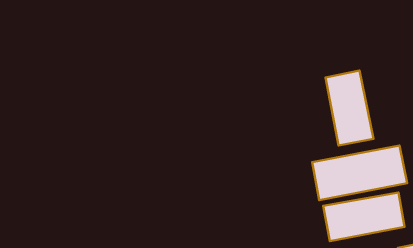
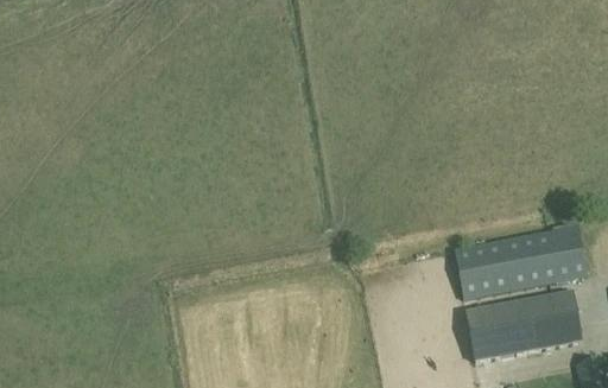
building: [326,71,373,145] -> none

